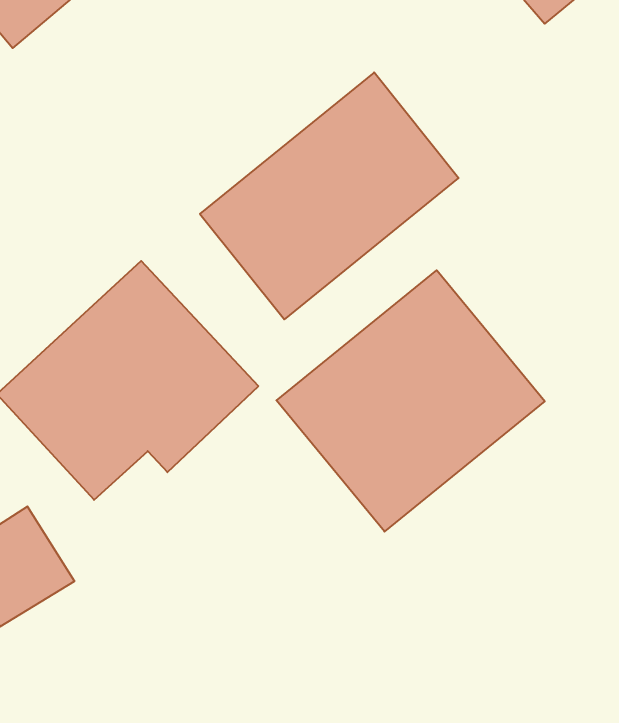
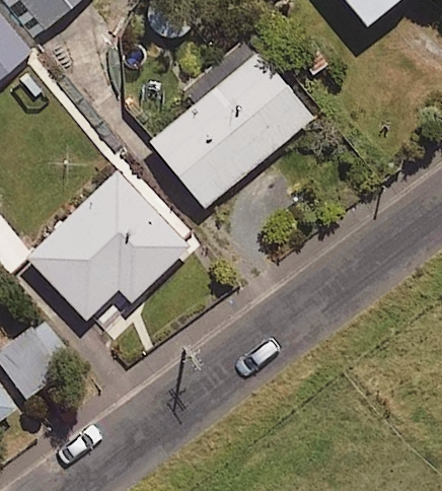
building: [276,270,545,532] -> none

